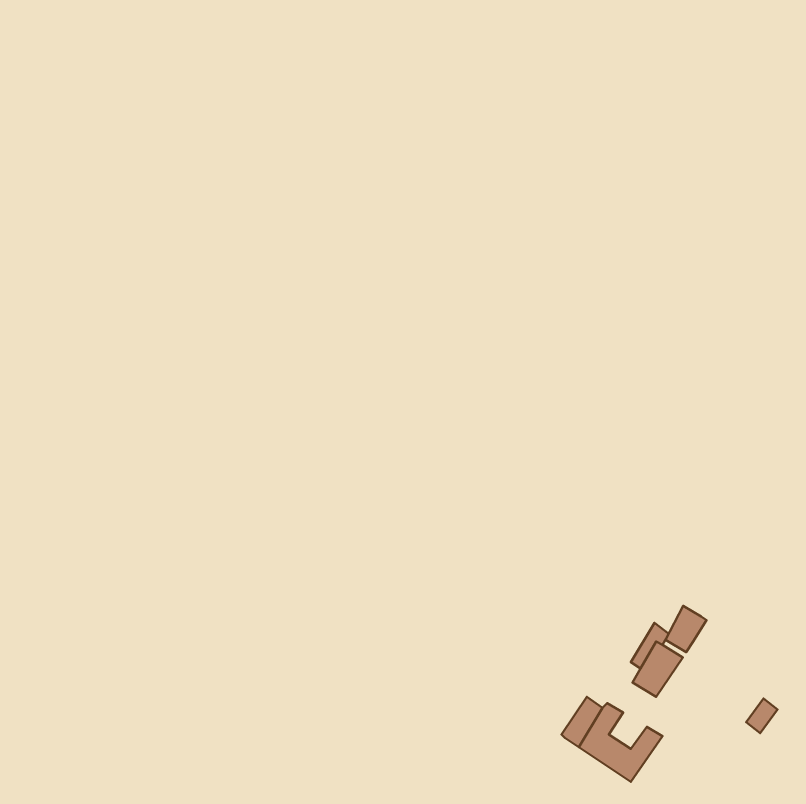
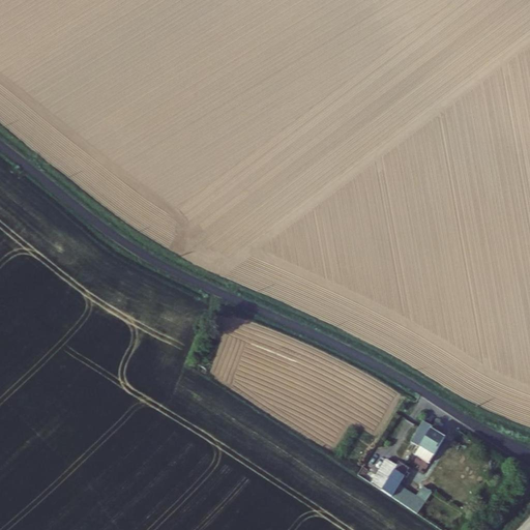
building: [666,606,706,652] -> none

